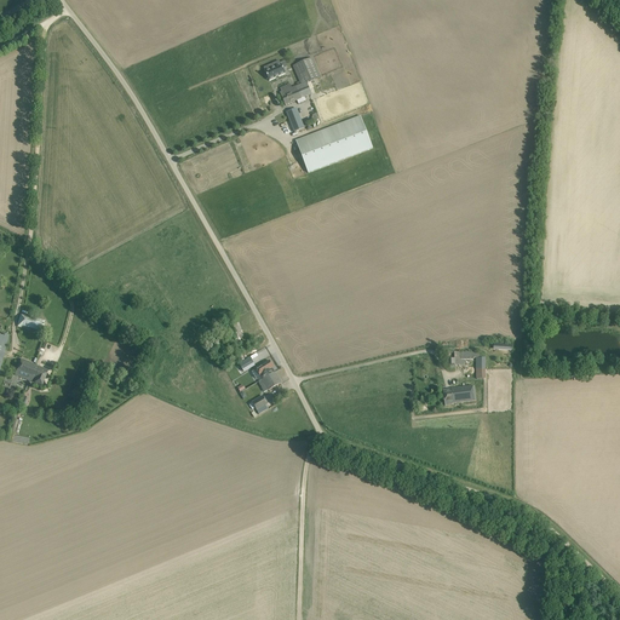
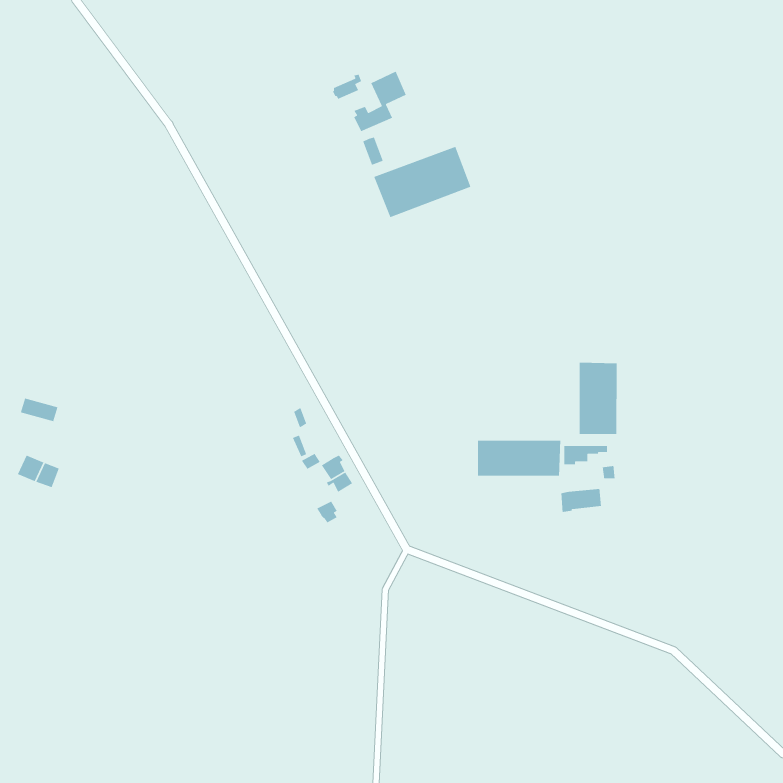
building: none -> [579,362,617,435]
building: none -> [477,440,561,476]

